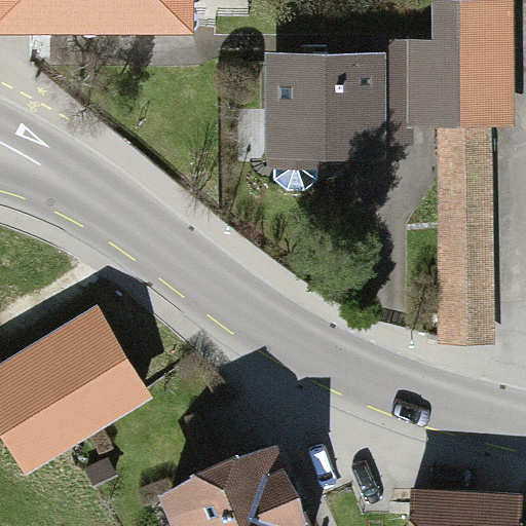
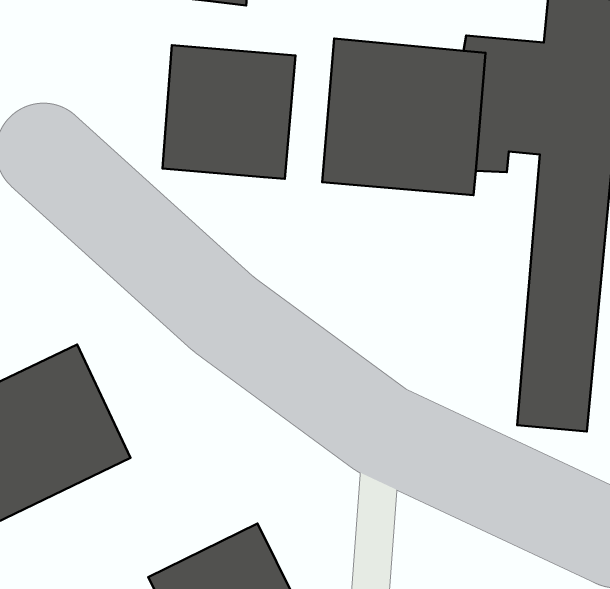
building: none -> [162,45,295,179]

